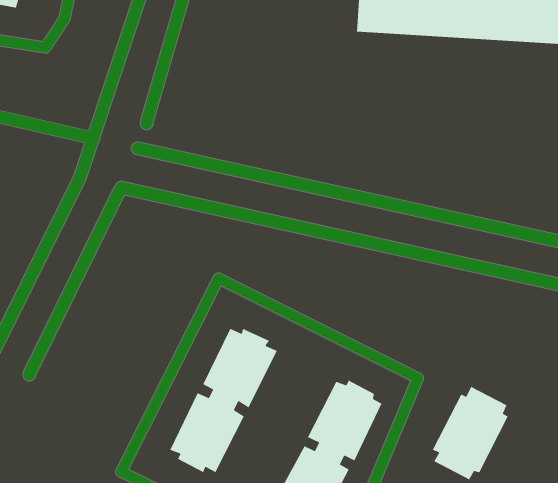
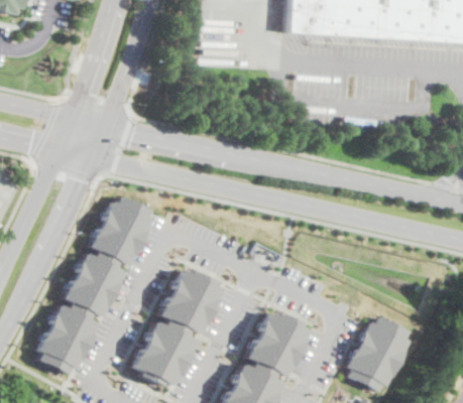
building: none -> [40,194,151,373]

